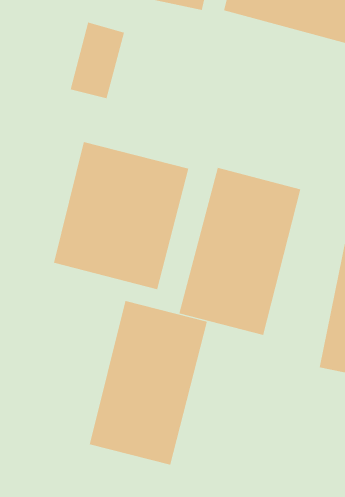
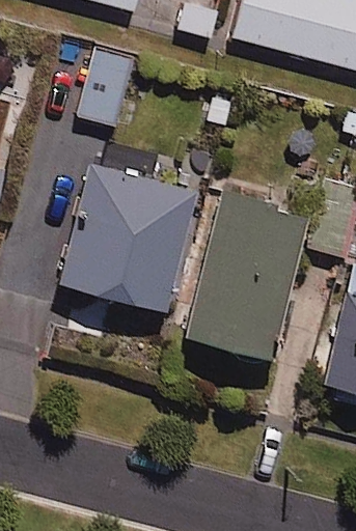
building: [89,300,208,465] -> none

